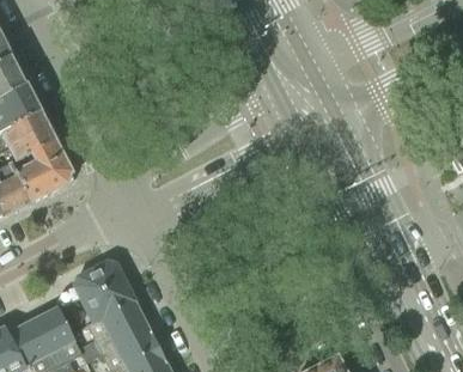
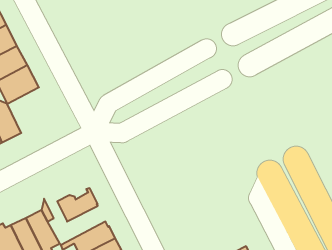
building: [12,140,72,202] -> none
building: [74,258,124,295] -> none
building: [89,301,146,347] -> none

